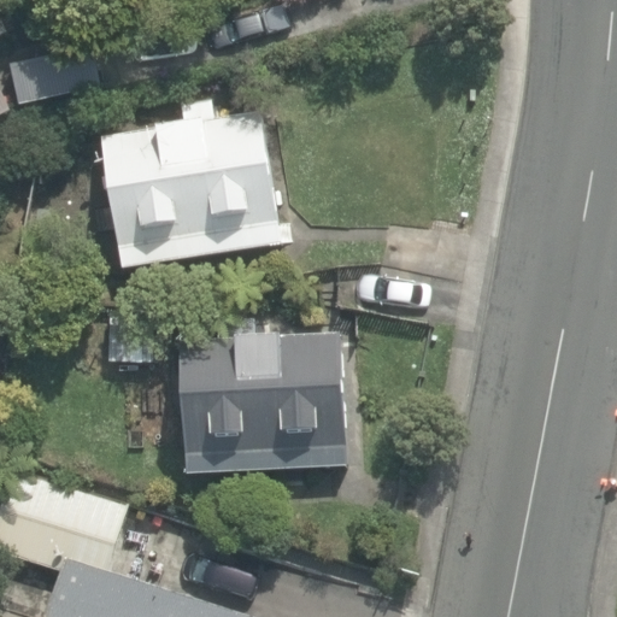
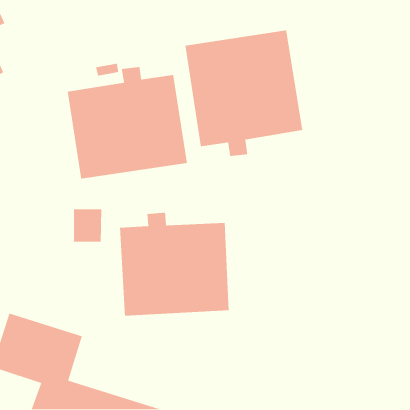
building: none -> [184,30,303,157]

